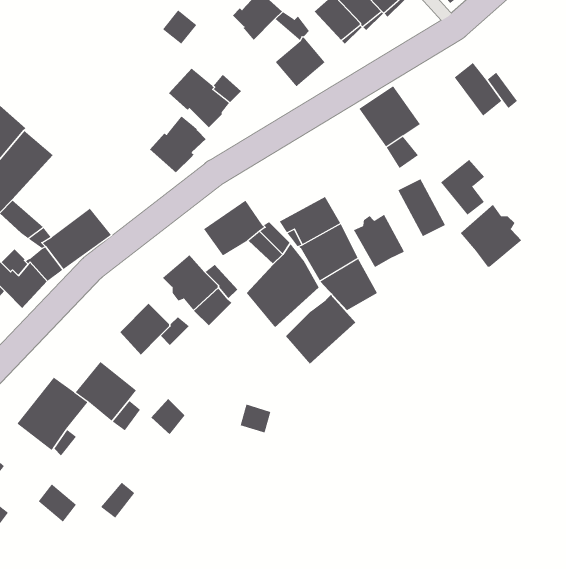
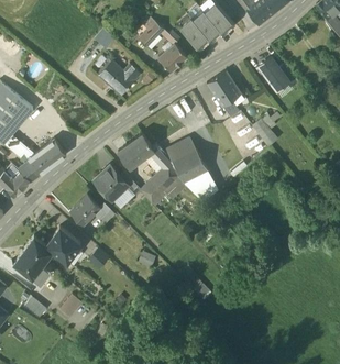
building: [149,115,207,173] -> none
building: [460,204,522,267] -> none
building: [353,214,404,268] -> none
building: [285,294,356,365] -> none

